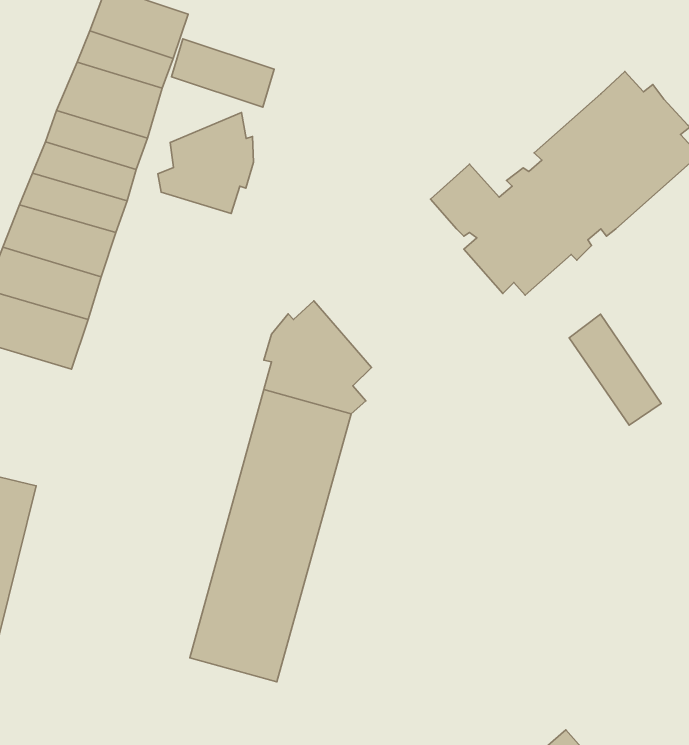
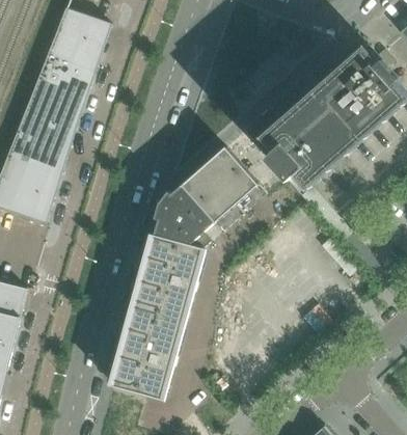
building: [172,39,274,107] -> none
building: [158,113,254,214] -> none
building: none -> [182,147,265,230]
building: [569,314,661,425] -> none

